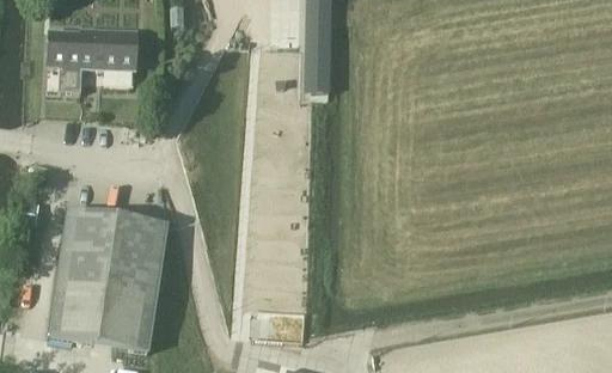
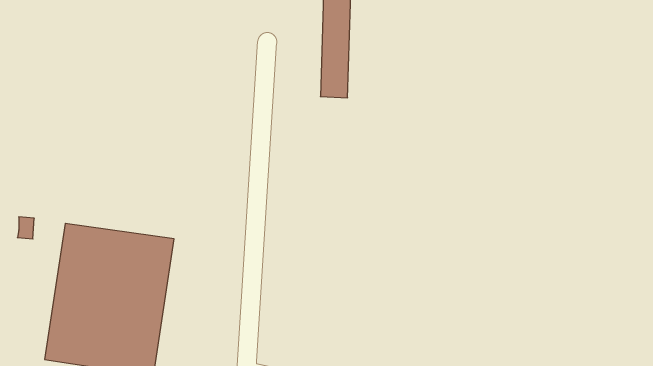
building: [48,23,136,93] -> none

